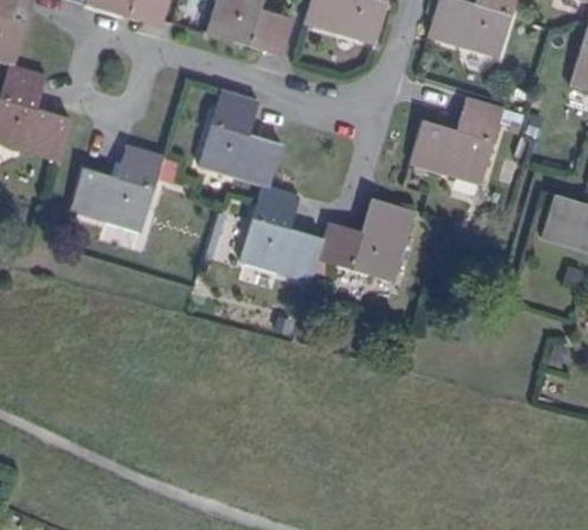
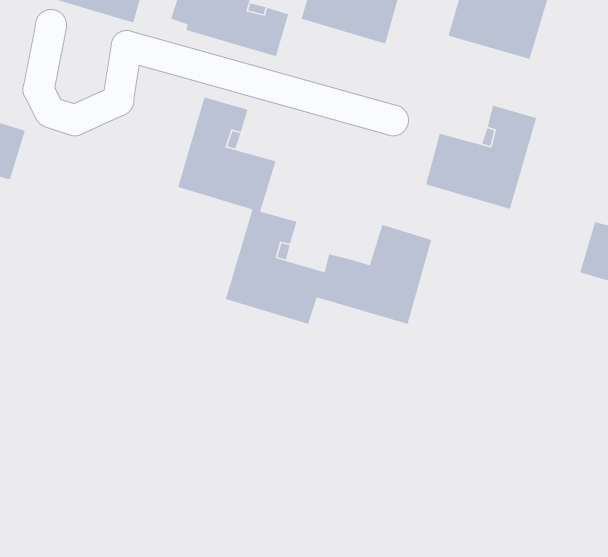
building: [70,143,164,232] -> none

